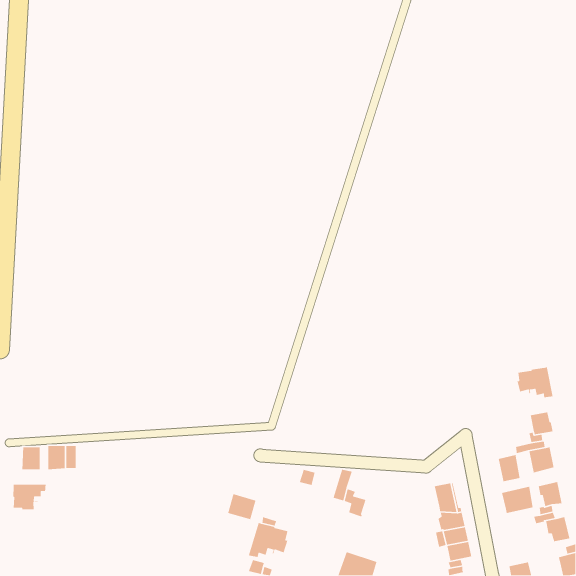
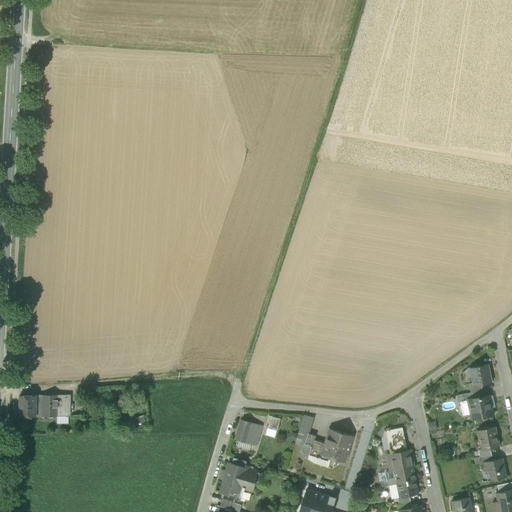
building: [516,366,554,398] -> none
building: [498,454,520,482] -> none
building: none -> [321,429,353,463]
building: [12,484,47,510] -> none
building: [501,486,533,514] -> none
building: [227,493,257,520] -> [236,421,262,445]

